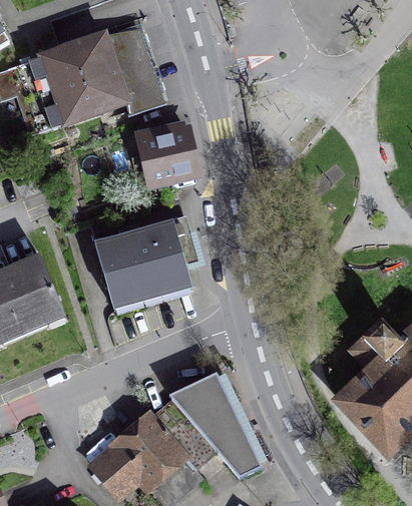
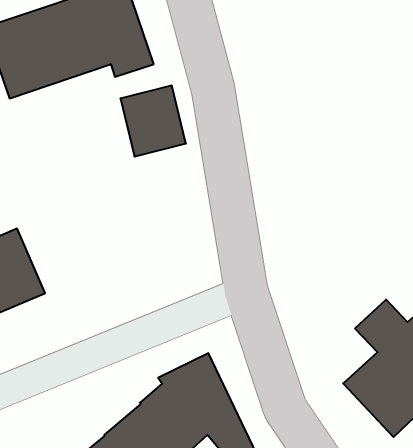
building: [89,198,192,310] -> none

